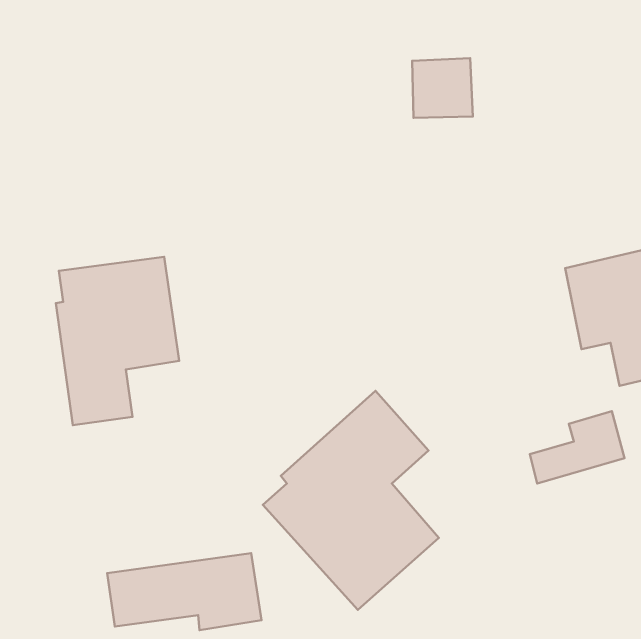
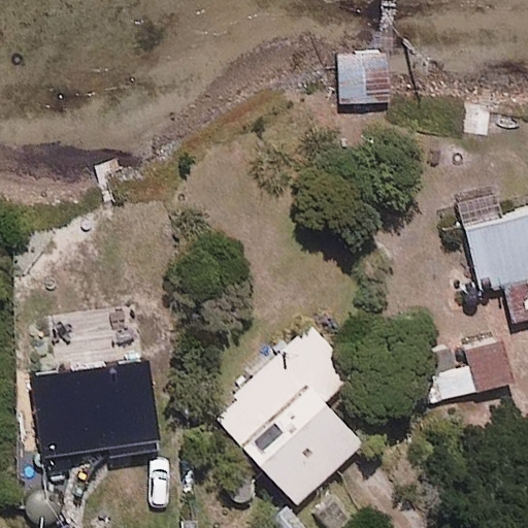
building: [56,257,179,425] -> none
building: [107,553,261,630] -> [35,394,161,457]

